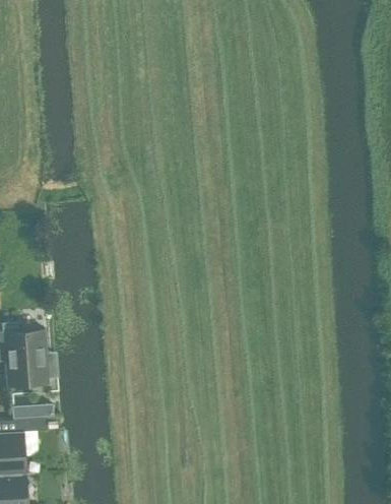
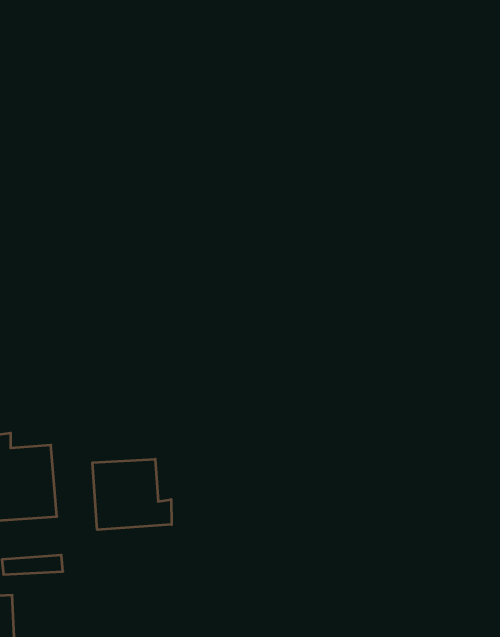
building: none -> [93,459,172,530]

